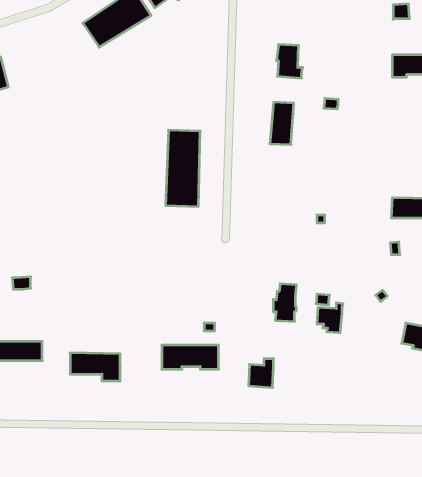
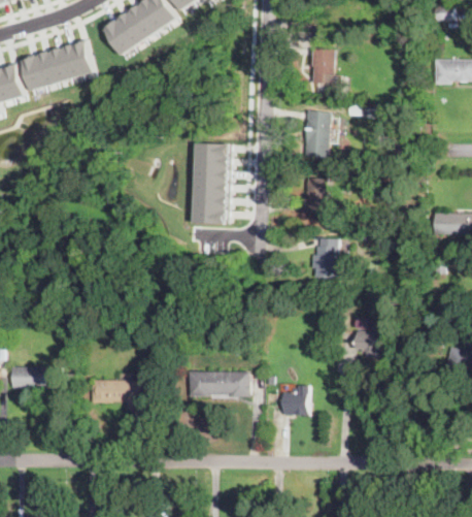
building: none -> [22,40,95,91]
building: none -> [304,179,326,215]
building: [273,284,296,321] -> [312,238,337,279]

